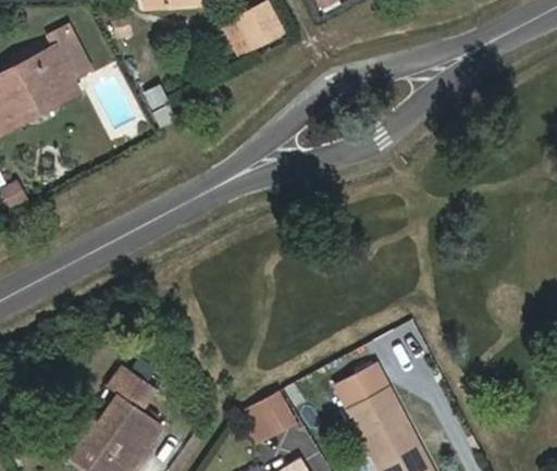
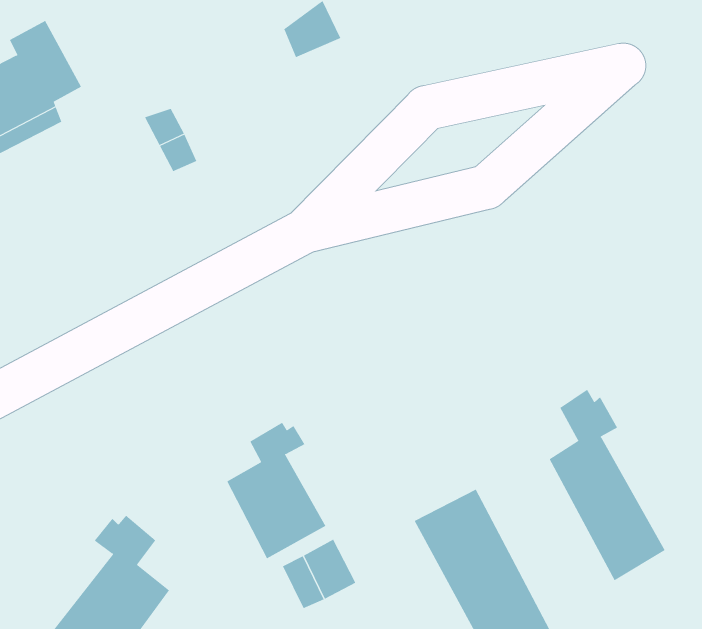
building: none -> [549,389,666,581]
building: none -> [226,422,326,559]

